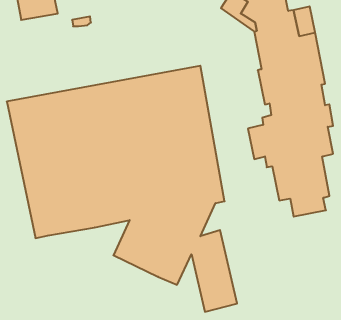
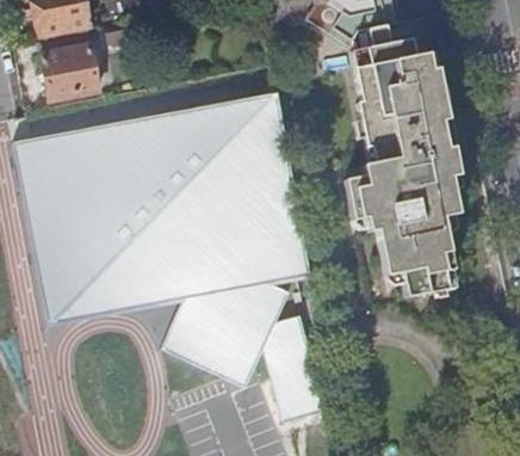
building: none -> [45,41,103,97]

